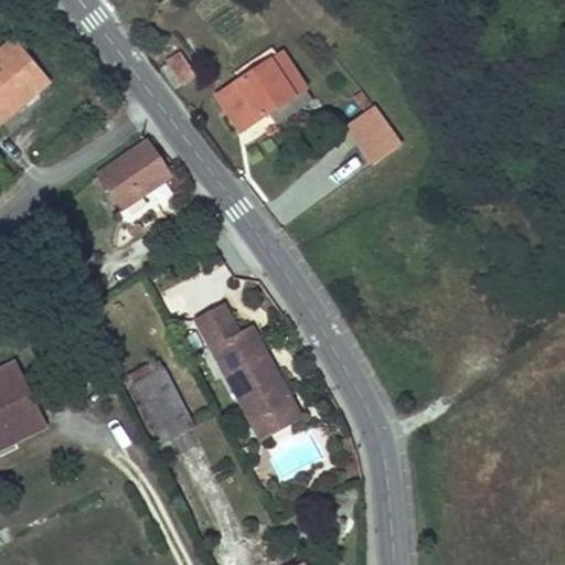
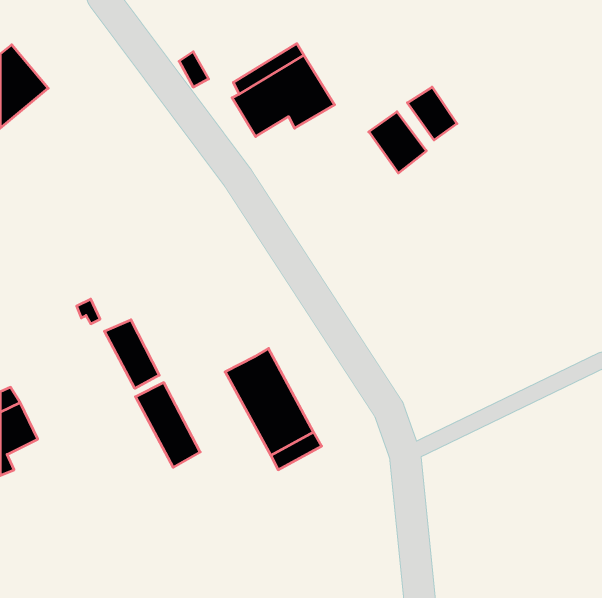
building: none -> [407,87,457,140]
building: [99,142,168,207] -> none
building: none -> [104,320,159,388]
building: [195,306,238,349] -> none

